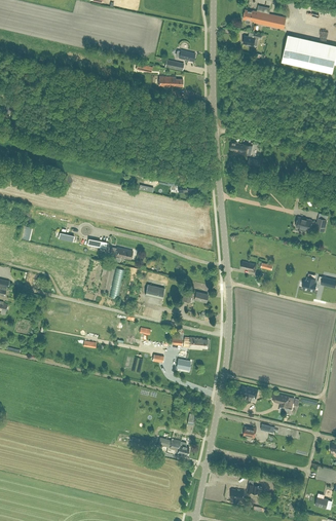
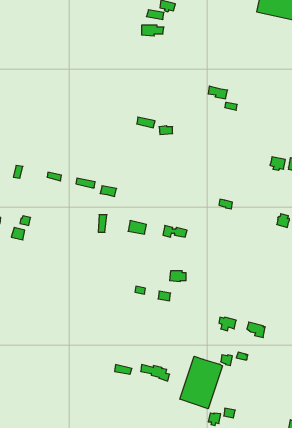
building: none -> [180,356,222,409]

